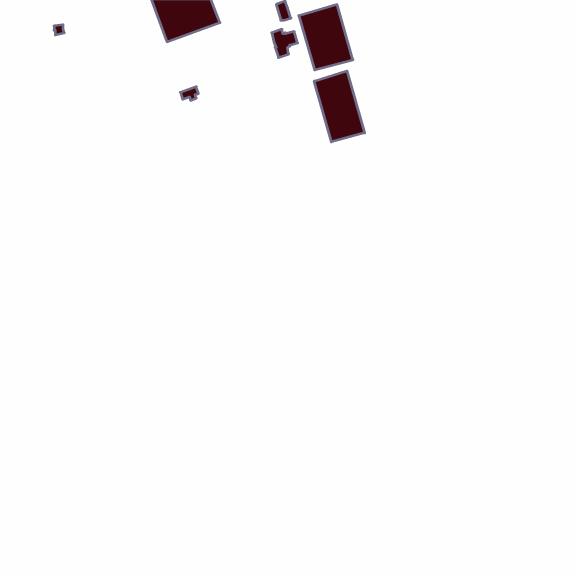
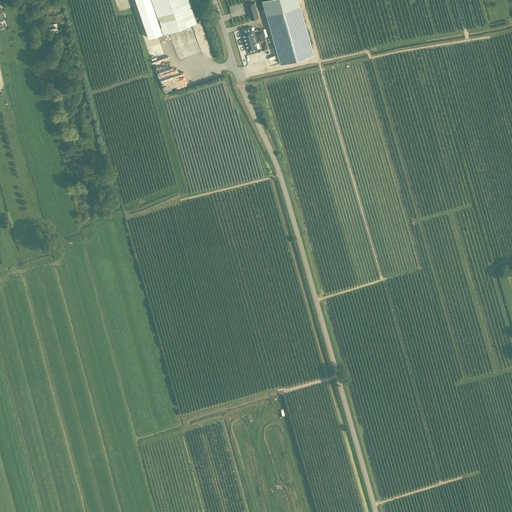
building: [314,71,365,142] -> none

